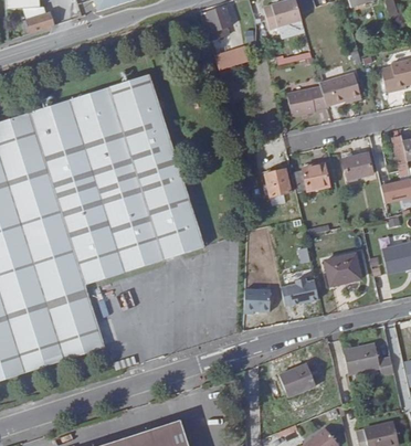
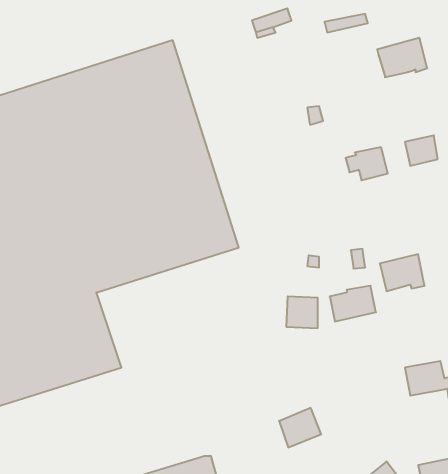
building: [286,86,327,117] -> none
building: [265,169,289,197] -> none
building: [280,361,315,394] -> [279,408,321,447]

